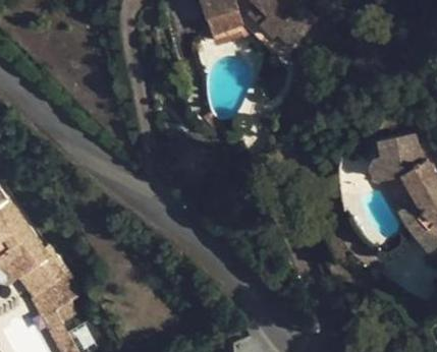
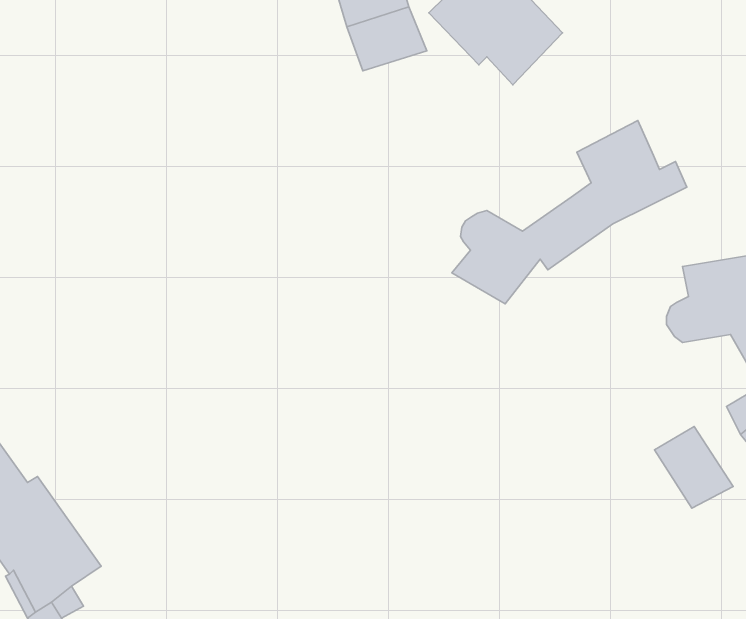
building: none -> [452,121,687,304]
building: none -> [654,427,733,508]

